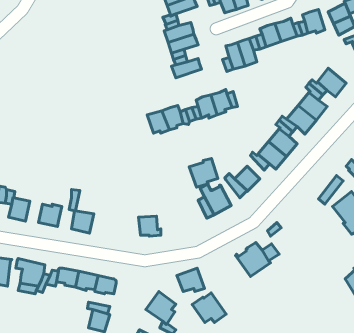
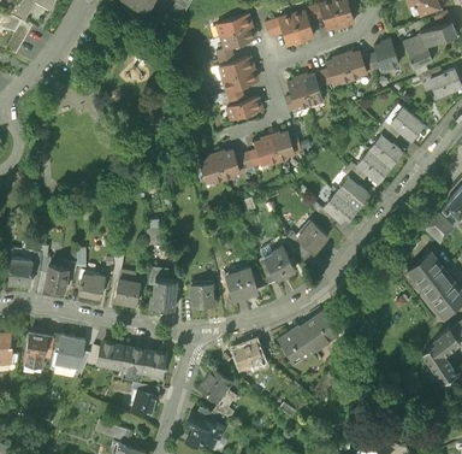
building: [189,158,218,187] -> [225,266,257,299]
building: none -> [150,276,176,306]
building: [192,293,226,323] -> [278,325,316,359]

